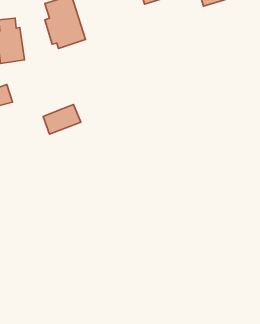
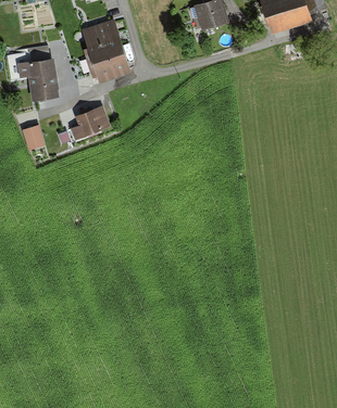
building: [43,105,81,134] -> [65,106,110,141]

